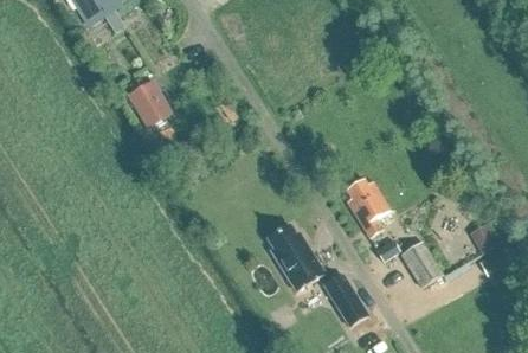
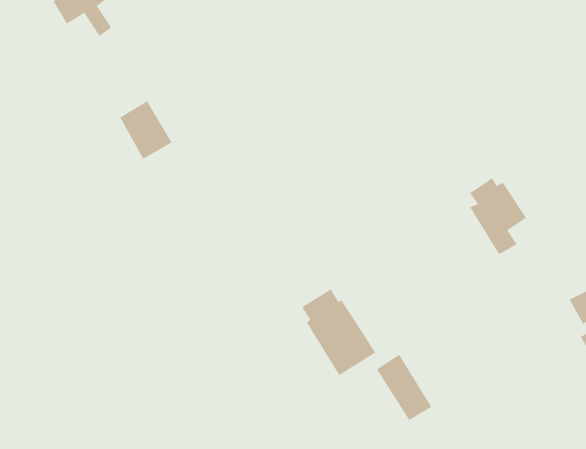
building: [346,178,389,237] -> [469,177,527,255]
building: [401,240,442,285] -> none

